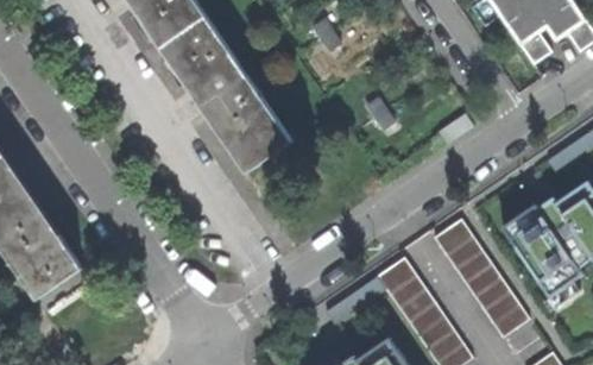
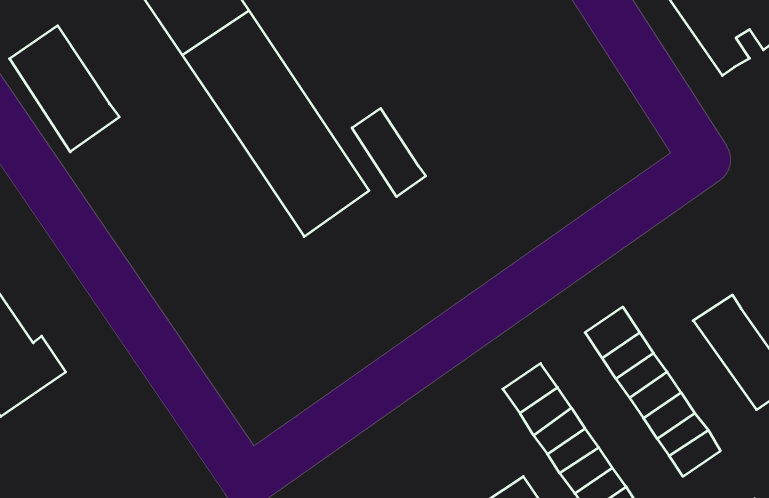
building: none -> [9,26,119,152]
building: none -> [352,108,426,197]

